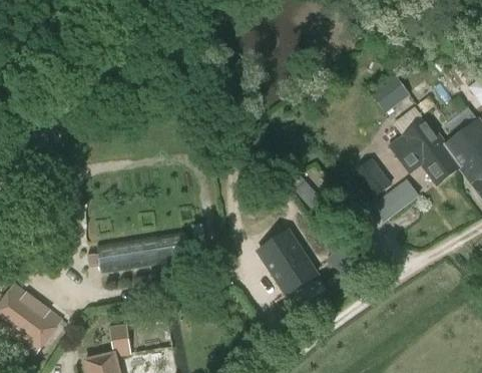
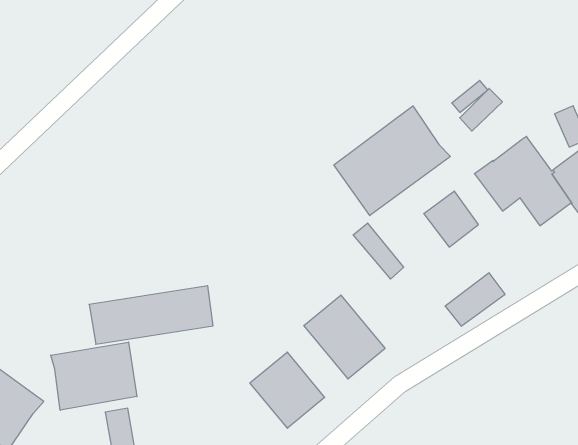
building: none -> [334,106,450,216]
building: [374,178,419,219] -> [445,273,505,326]
building: none -> [51,342,137,410]
building: none -> [250,352,325,428]

